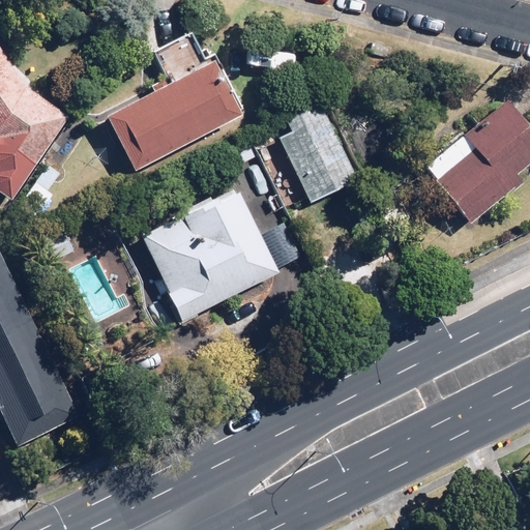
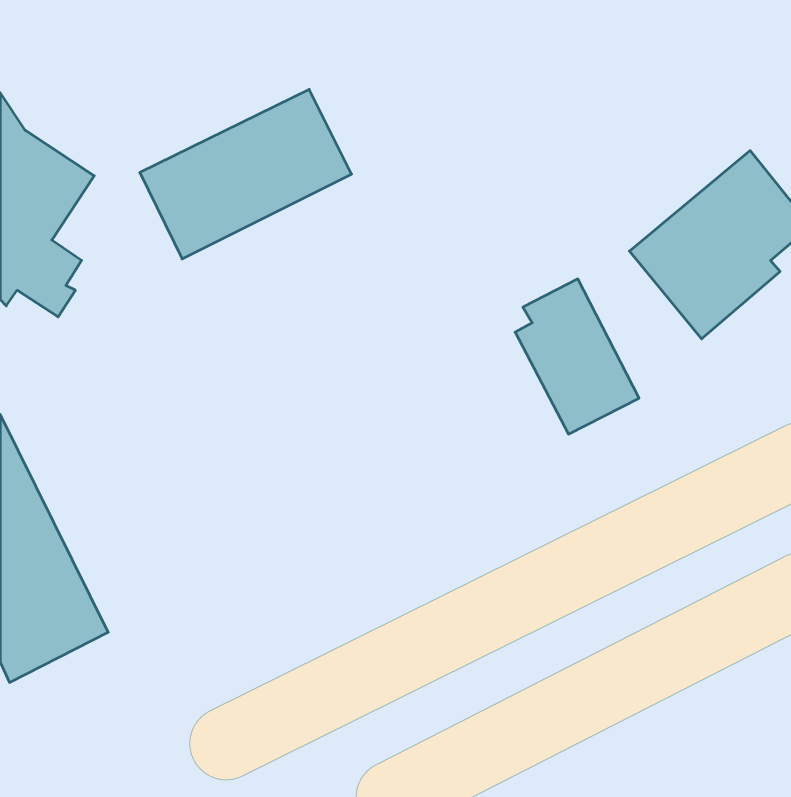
building: [277,100,359,203] -> [515,279,639,434]
building: [138,187,302,325] -> none

